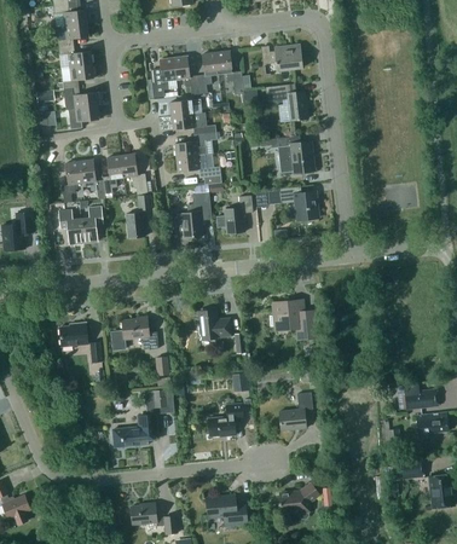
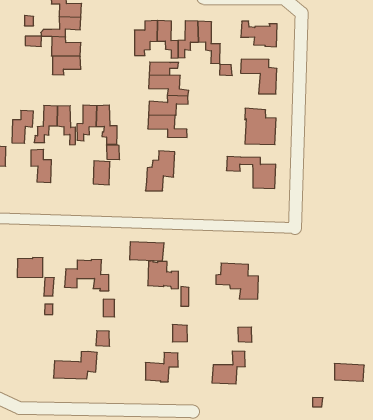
building: [214,193,251,232] -> none
building: [80,206,102,242] -> [12,111,33,143]
building: none -> [130,242,164,261]
building: [413,411,445,436] -> none

